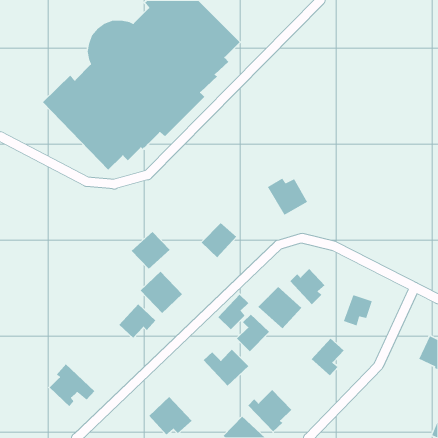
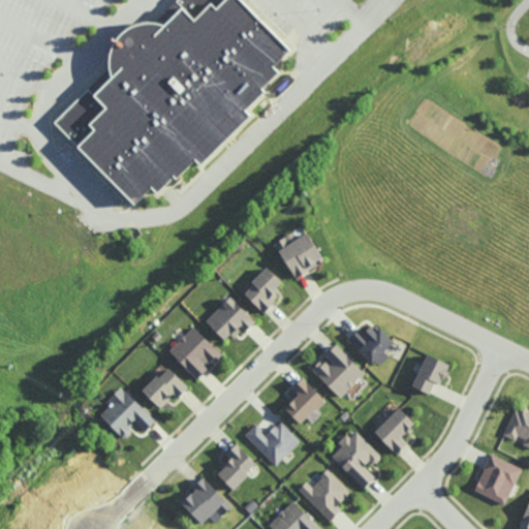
building: [267,177,308,216] -> [274,231,323,278]
building: [131,231,170,270] -> [205,297,252,343]
building: [218,294,249,330] -> none
building: none -> [331,429,379,489]
building: [49,364,95,407] -> [99,386,155,439]
building: none -> [216,443,256,489]
building: none -> [473,454,521,504]

